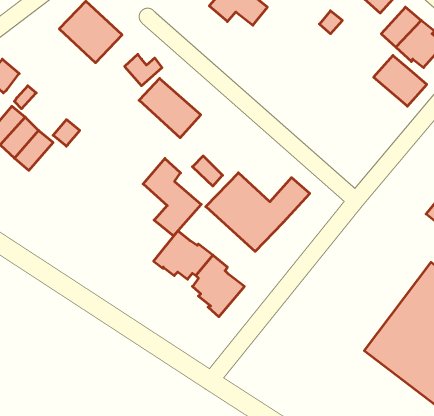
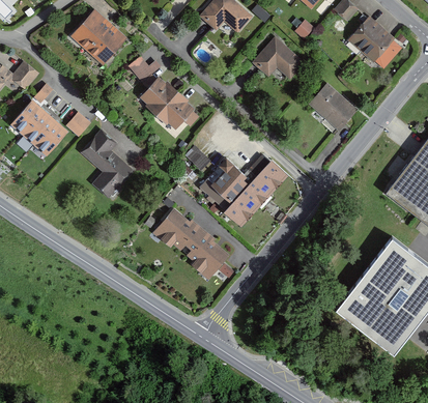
building: none -> [253,37,302,78]
building: [374,55,427,106] -> [310,84,355,127]
building: [143,158,201,236] -> [82,131,132,197]

